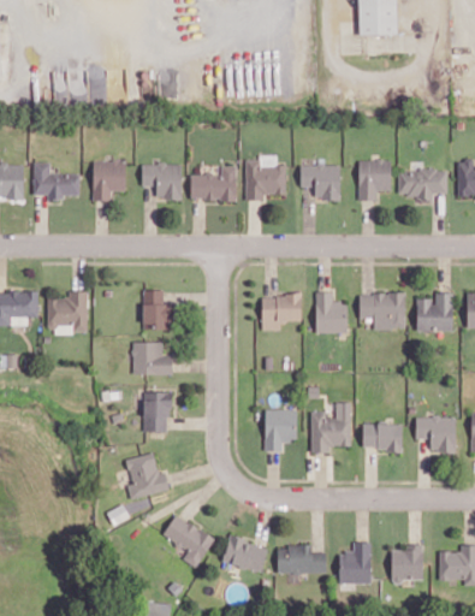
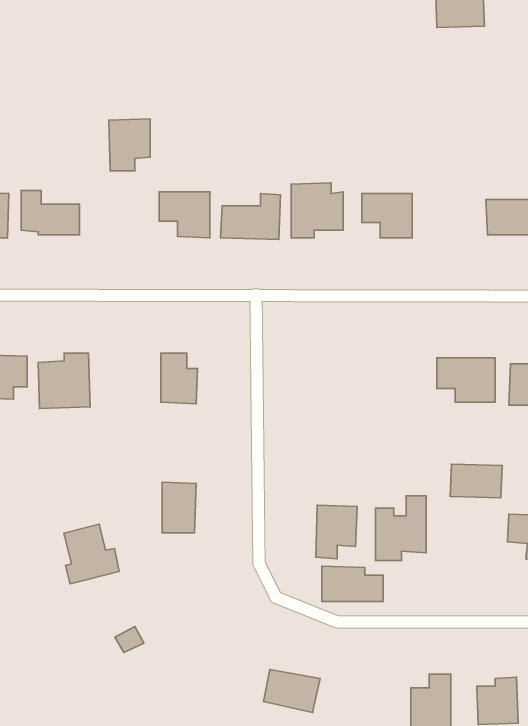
building: [93,160,125,201] -> [109,119,150,171]
building: [358,160,392,200] -> none
building: [315,291,348,333] -> none
building: [262,295,302,330] -> none
building: [132,342,173,375] -> none
building: [362,424,403,450] -> [450,464,502,498]
building: [126,452,170,499] -> [64,524,119,584]
building: [164,515,215,568] -> none
building: [278,545,326,573] -> [322,566,383,601]

